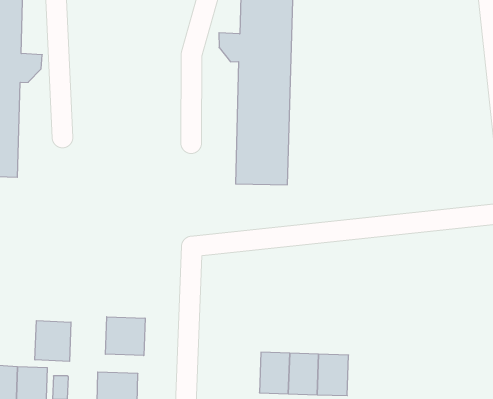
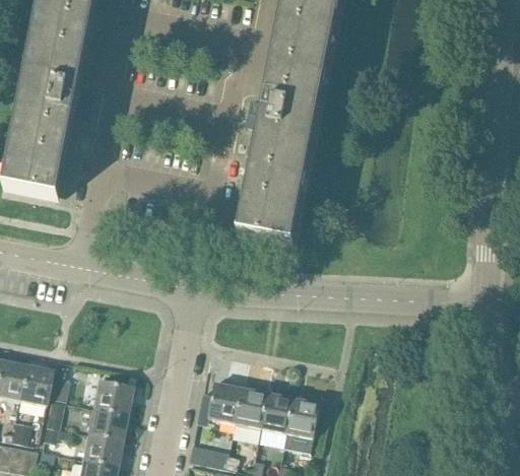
building: [105,317,145,356] -> none
building: [35,321,71,361] -> none
building: none -> [205,383,239,423]

